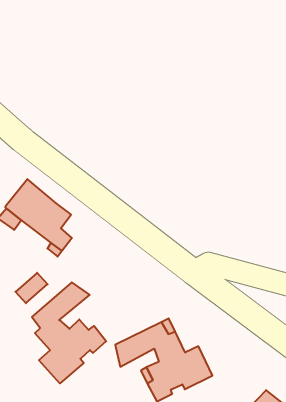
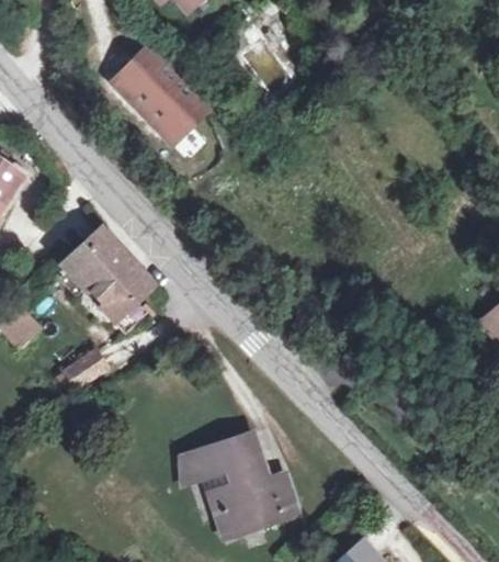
building: none -> [105,36,211,148]
building: [32,282,106,383] -> none

